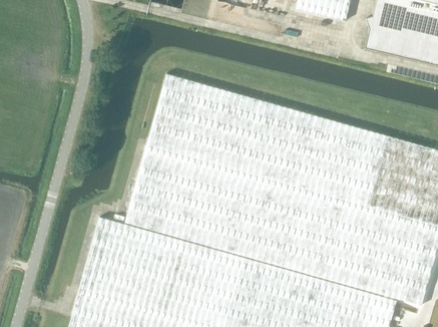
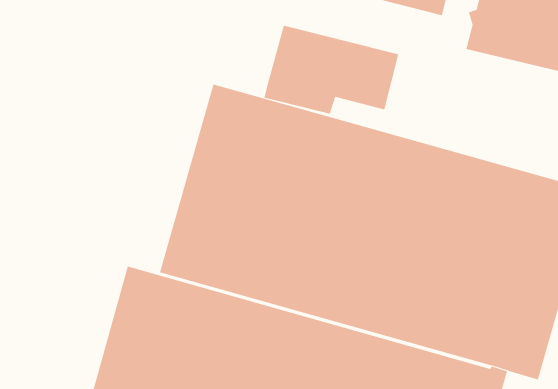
building: none -> [264,25,399,114]

